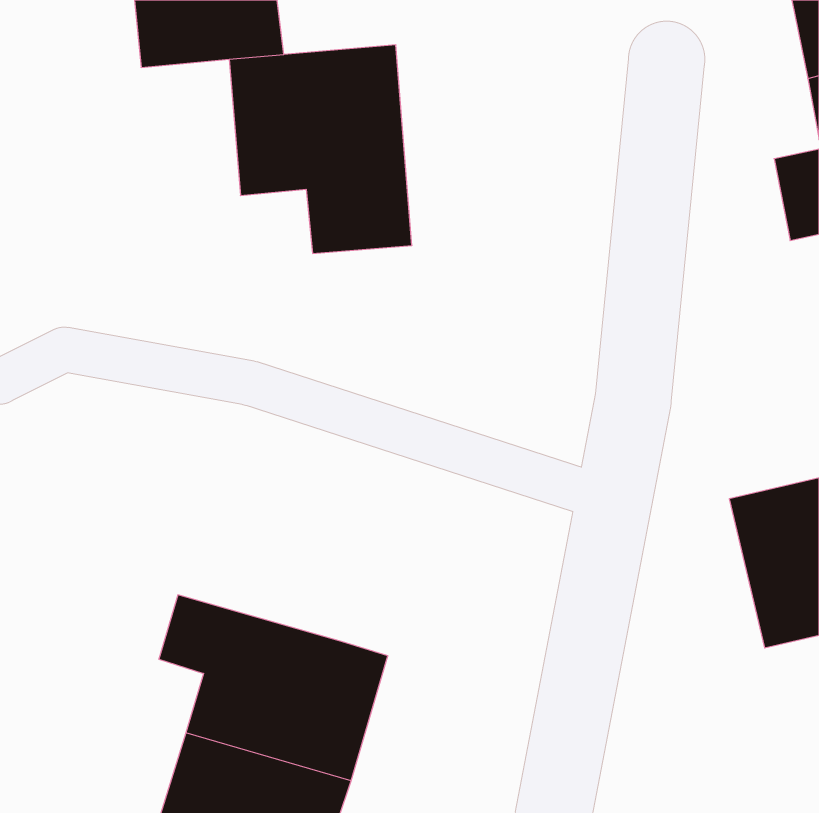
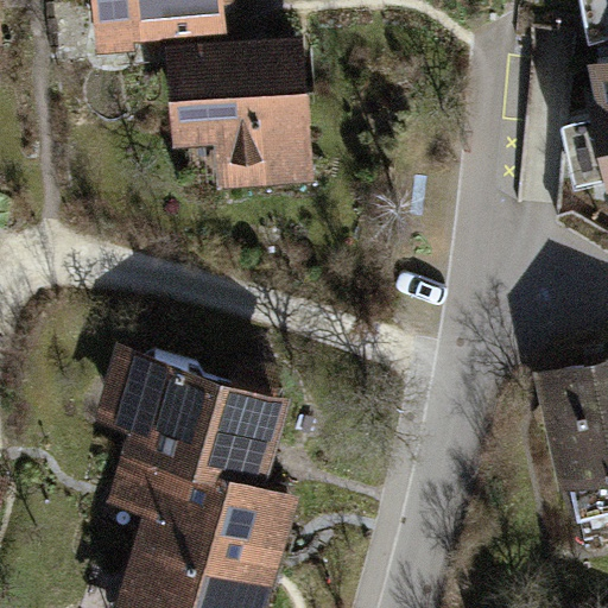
building: none -> [108,350,278,480]

